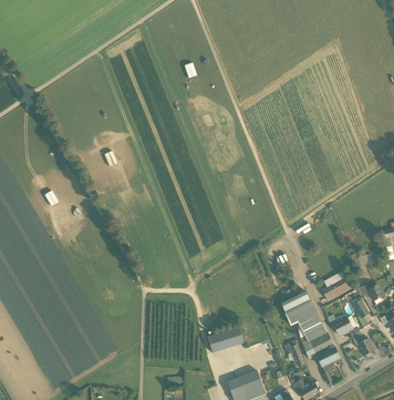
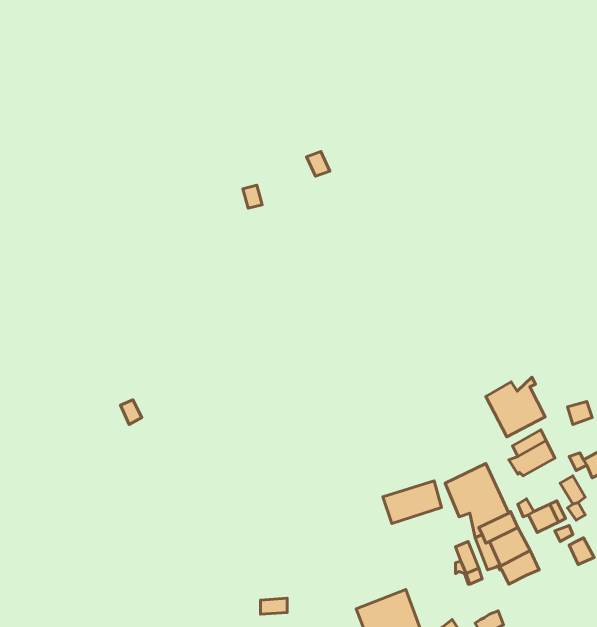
building: none -> [486,377,545,437]
building: [206,326,242,352] -> [383,481,441,523]

